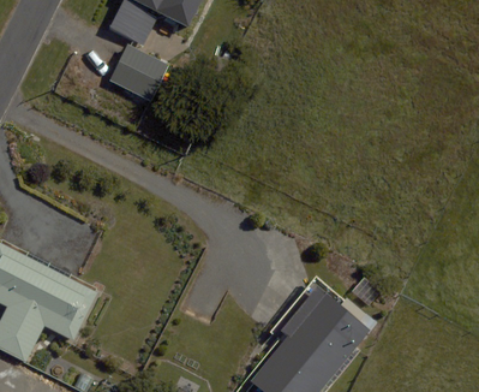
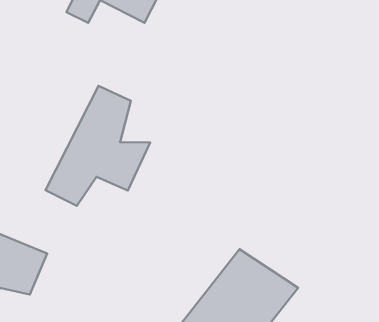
building: [119,47,175,102] -> none
building: none -> [45,86,150,206]

